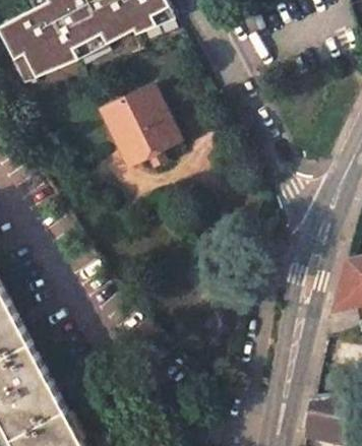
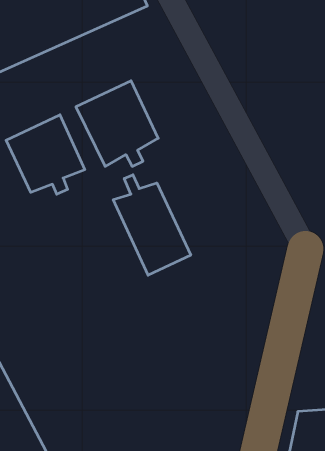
building: none -> [6,115,85,194]
building: none -> [113,175,191,275]

